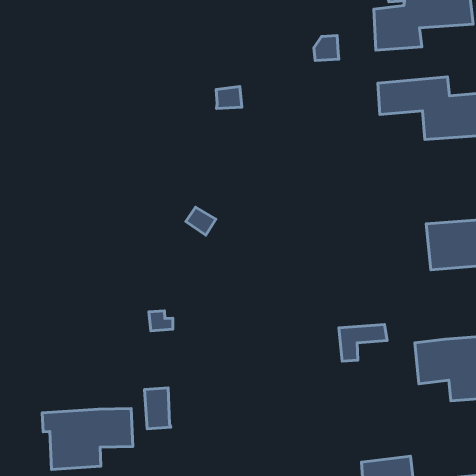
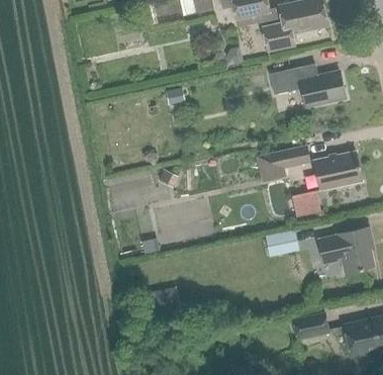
building: none -> [256,146,309,182]
building: none -> [291,191,319,216]
building: [42,408,133,470] -> none

